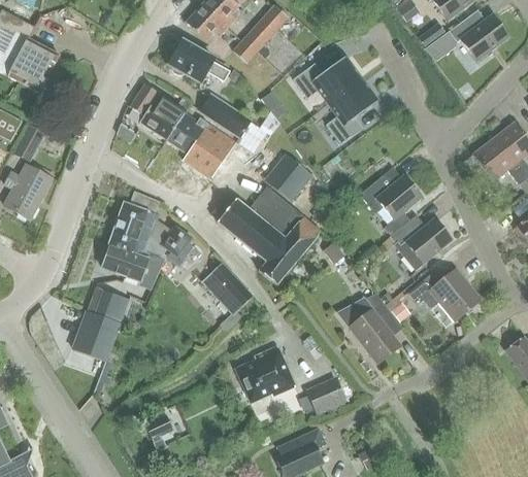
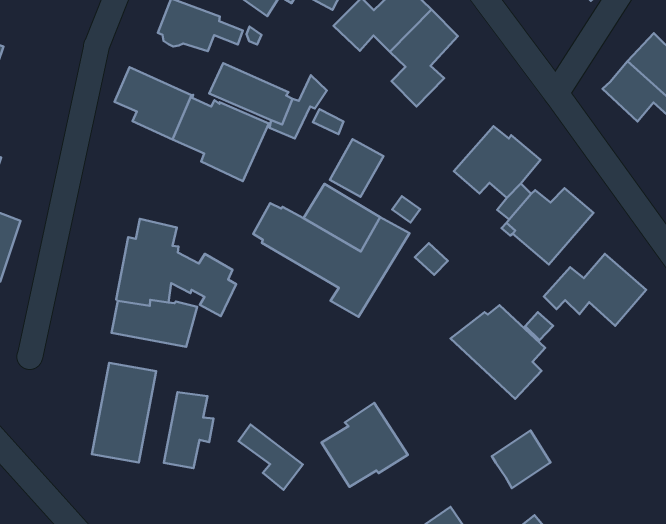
building: [208,264,251,313] -> [238,425,303,490]
building: none -> [164,392,213,468]
building: [305,376,345,414] -> [492,430,551,488]

